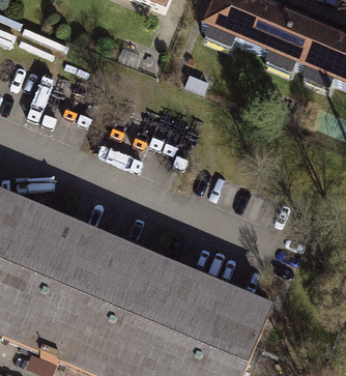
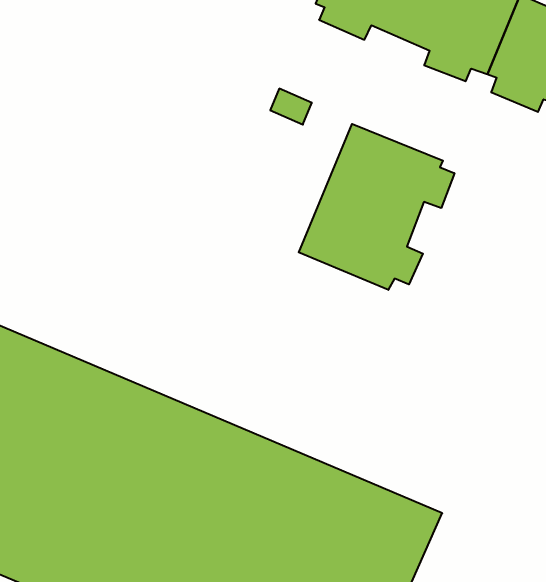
building: none -> [299,124,454,290]

